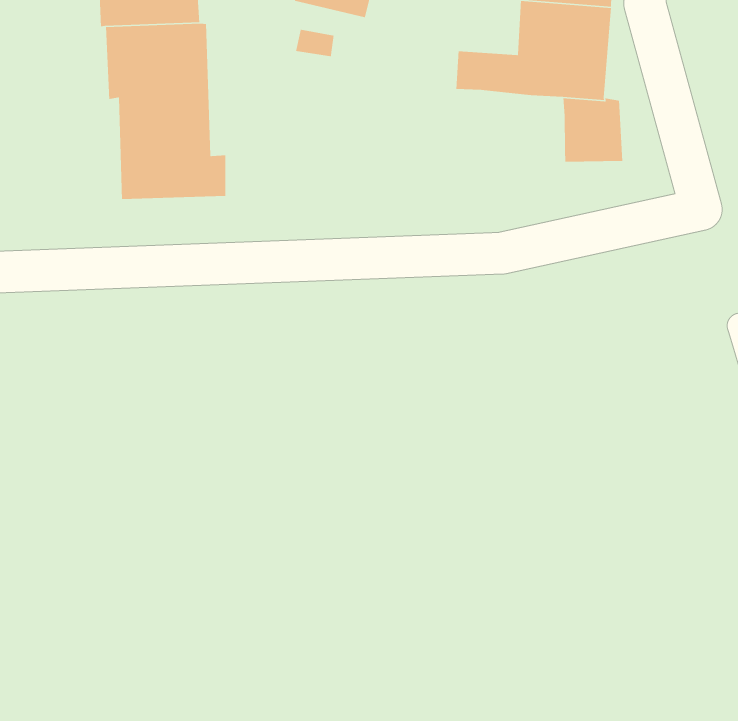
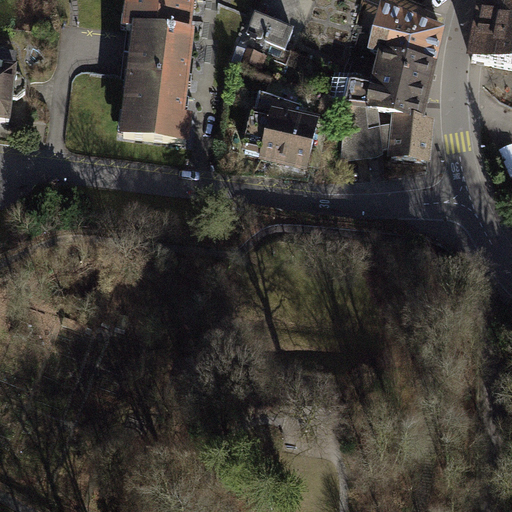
building: none -> [344,102,394,154]
building: none -> [244,89,314,164]

